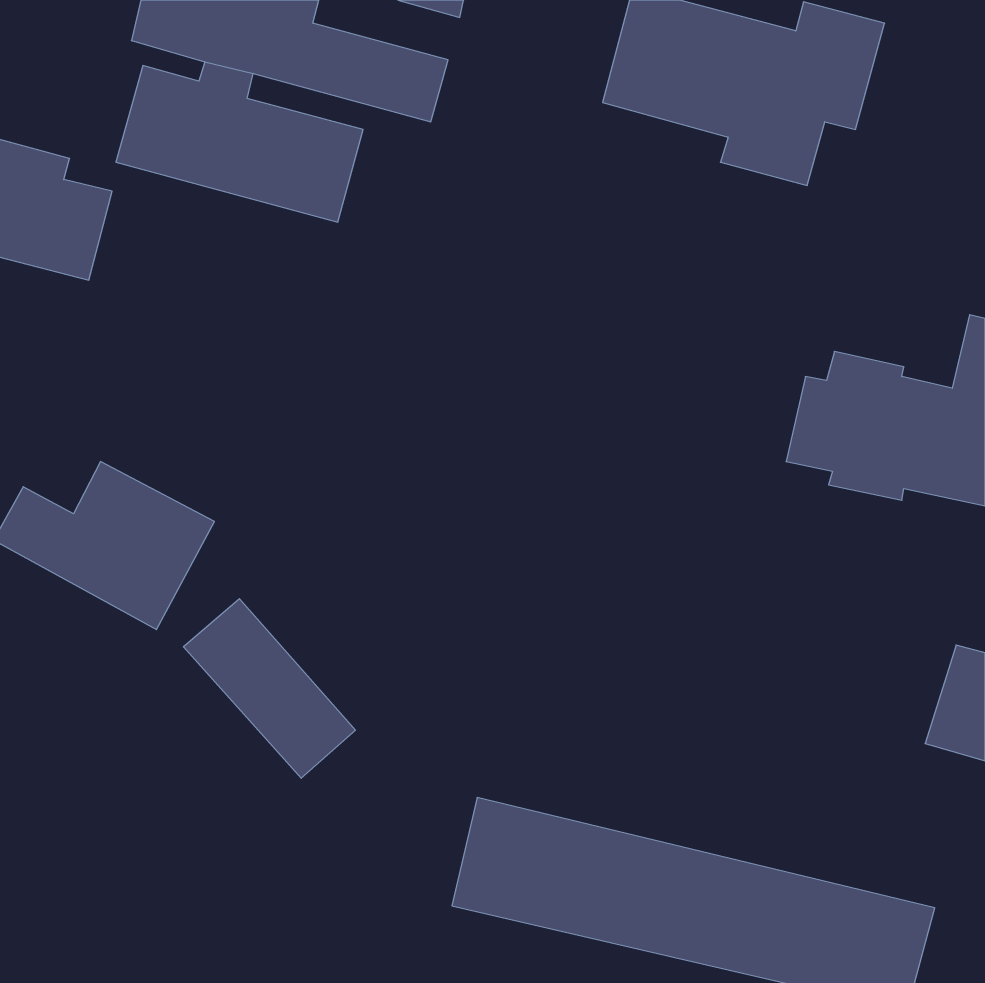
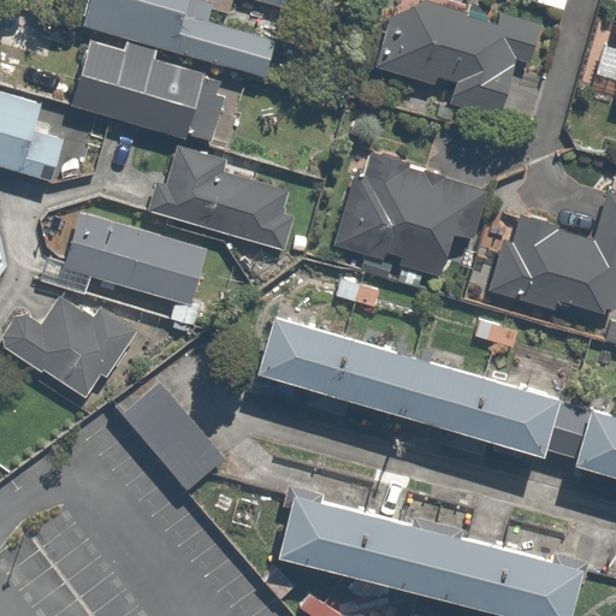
building: none -> [147,146,303,253]
building: none -> [337,156,486,284]
building: none -> [37,211,215,304]
building: none -> [261,316,564,462]

